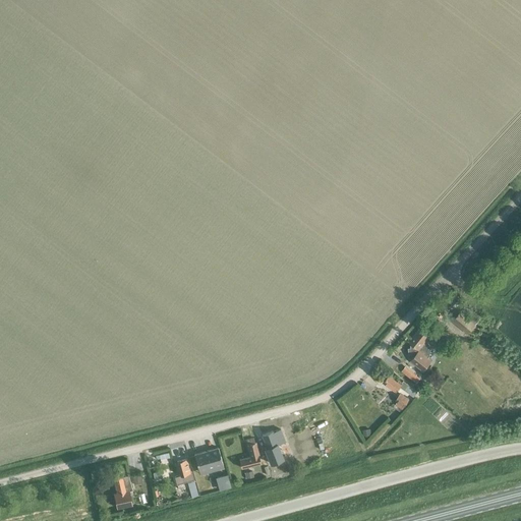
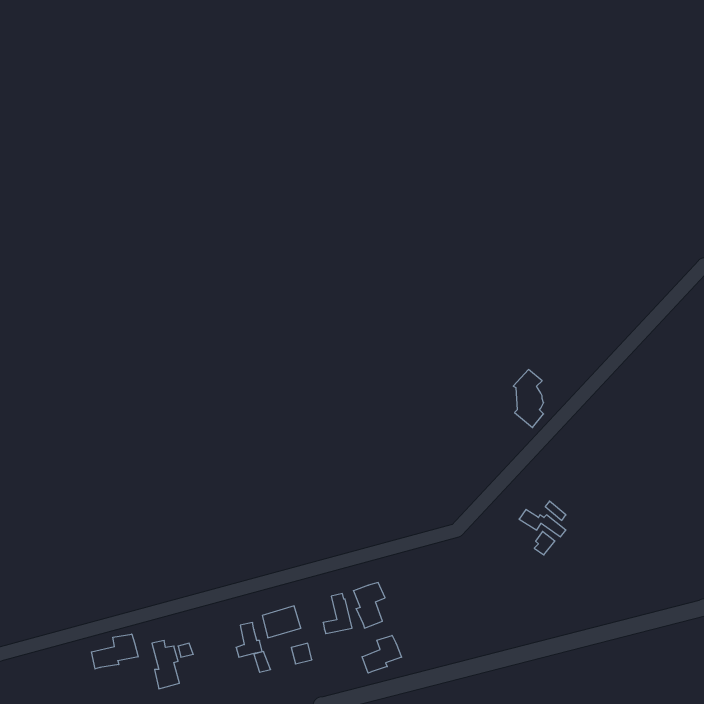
building: [408,330,430,372] -> [513,370,544,428]
building: none -> [91,634,138,669]
building: none -> [362,635,402,673]

